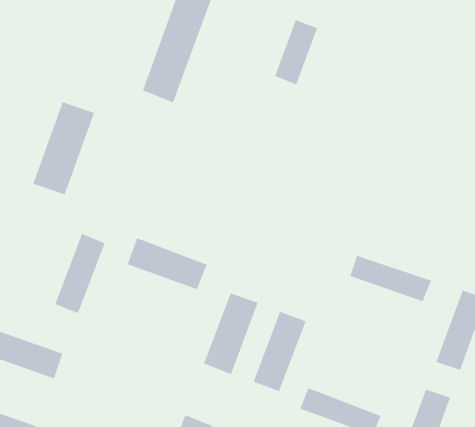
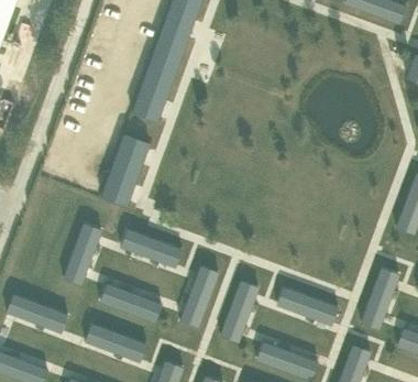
building: [274,19,318,85] -> none
building: [32,102,95,195] -> [101,131,150,204]
building: [350,255,432,302] -> [276,285,340,321]
building: none -> [98,283,161,320]
building: none -> [88,325,150,364]

